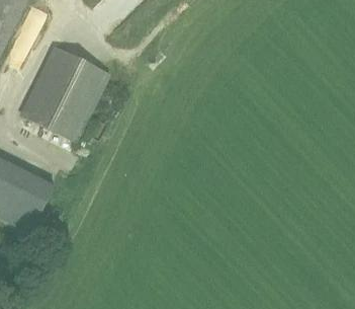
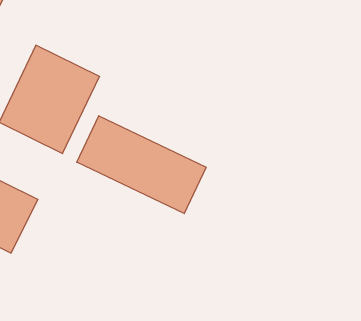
building: none -> [77,116,206,214]

